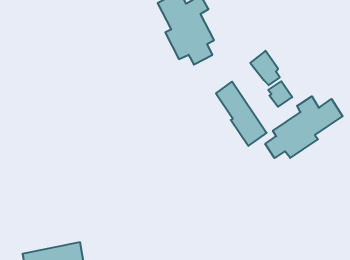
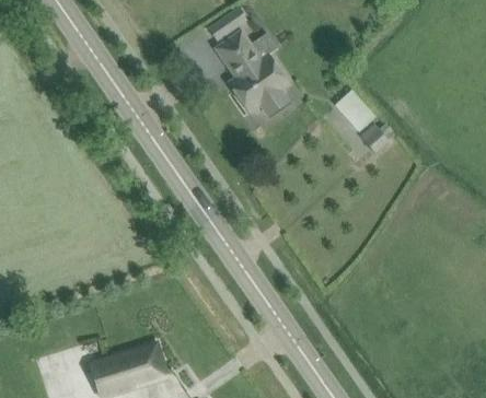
building: [216,82,267,146] -> none
building: [265,96,343,158] -> none

